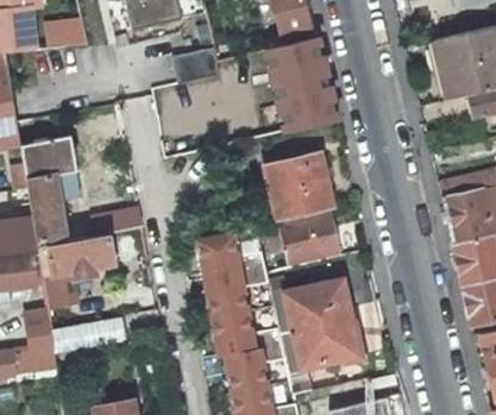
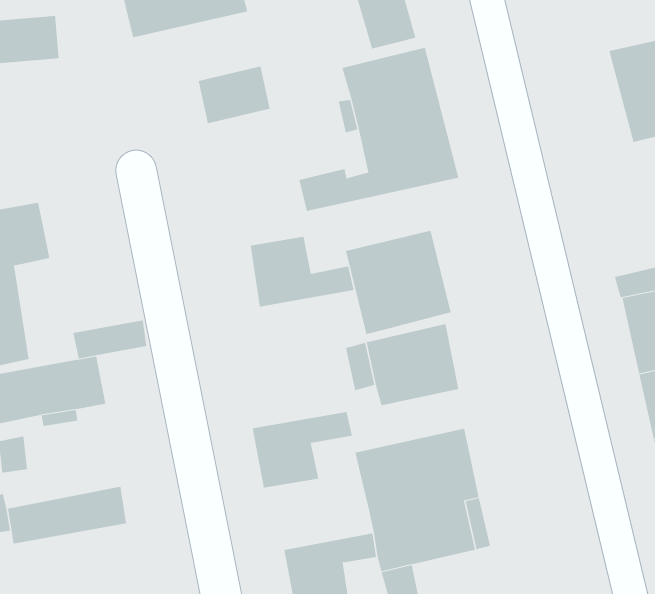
building: [200,234,266,279] -> [250,236,355,307]
building: [213,312,283,357] -> none

